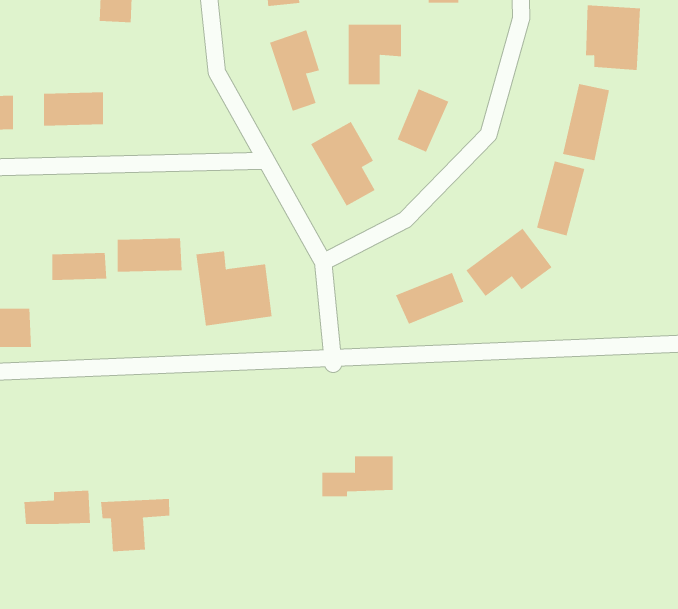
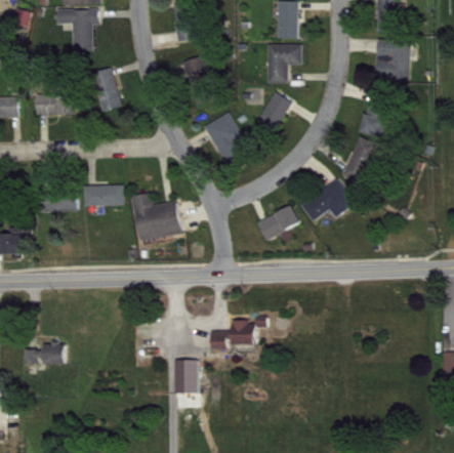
building: [348,24,402,85] -> [266,45,300,83]
building: none -> [90,68,121,113]
building: [100,498,170,552] -> none
building: none -> [174,360,198,394]

